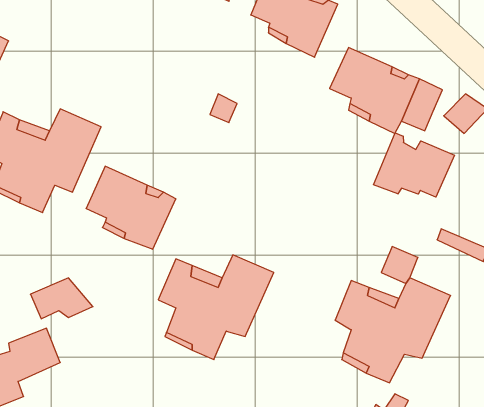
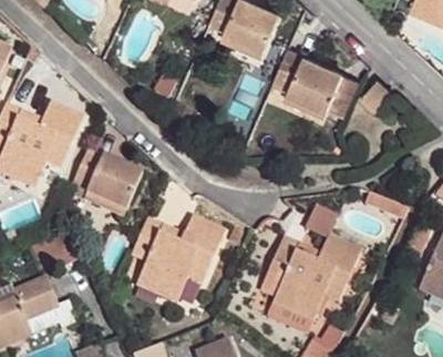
building: [373,133,455,197] -> none

